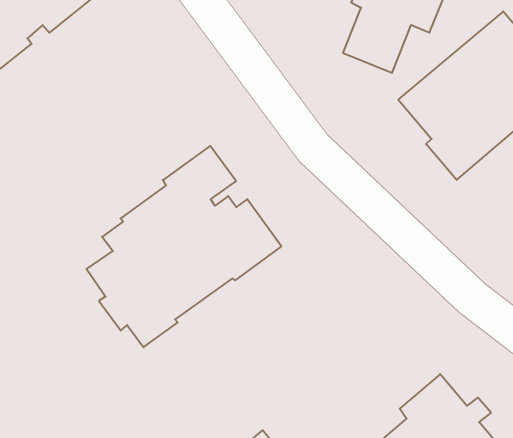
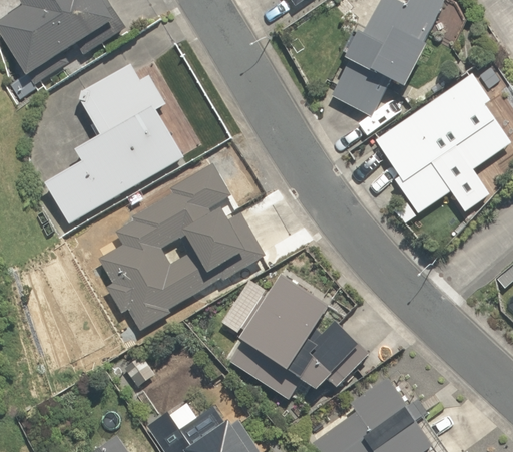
building: none -> [44,64,183,224]
building: none -> [228,275,368,397]

